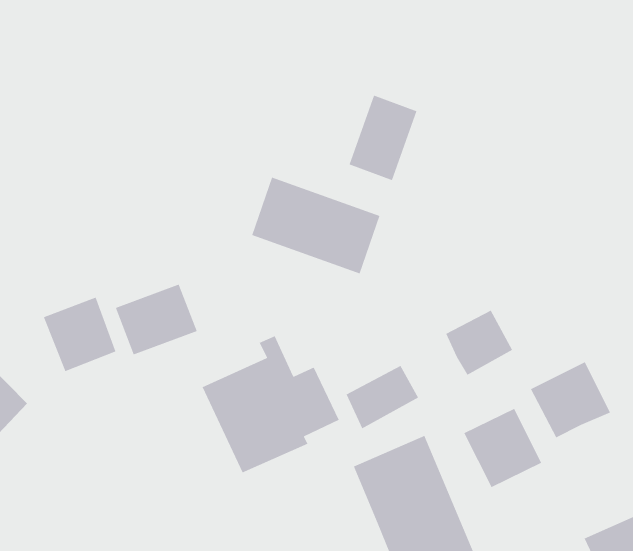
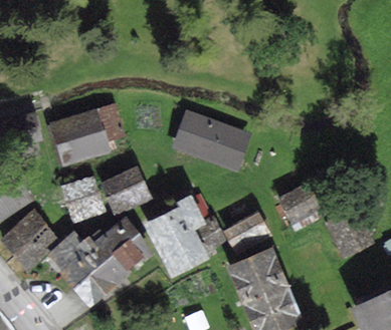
building: [348,94,418,181] -> none
building: none -> [54,105,120,158]
building: none -> [48,218,150,301]
building: [463,408,542,488] -> none

